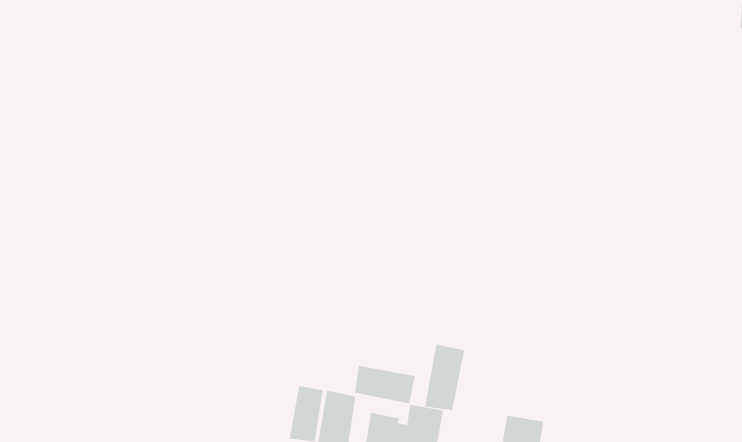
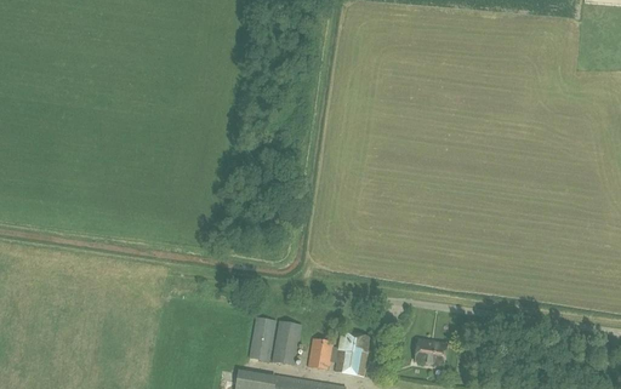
building: [425,344,465,411] -> none
building: [355,365,416,404] -> none

